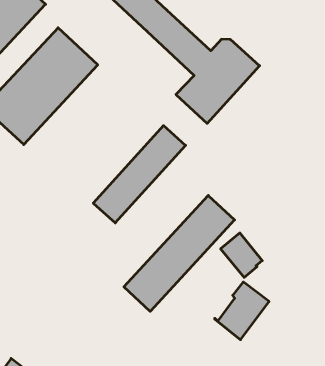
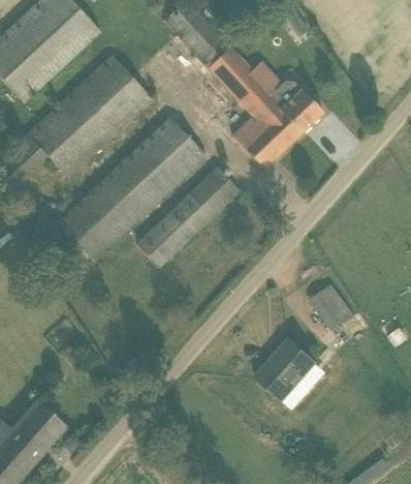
building: none -> [57,117,206,261]
building: [124,195,235,311] -> none
building: [221,233,262,277] -> [310,283,353,331]

